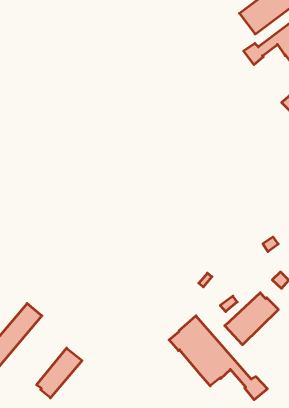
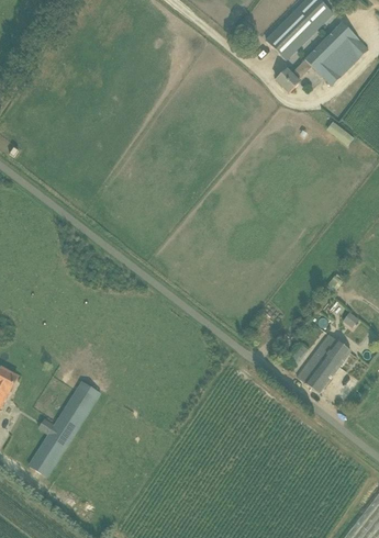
building: [169,316,267,400] -> none
building: [37,348,82,398] -> none

